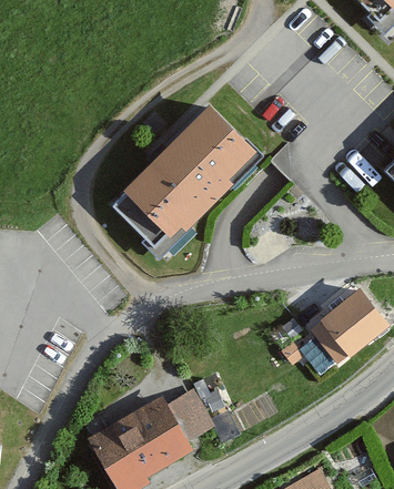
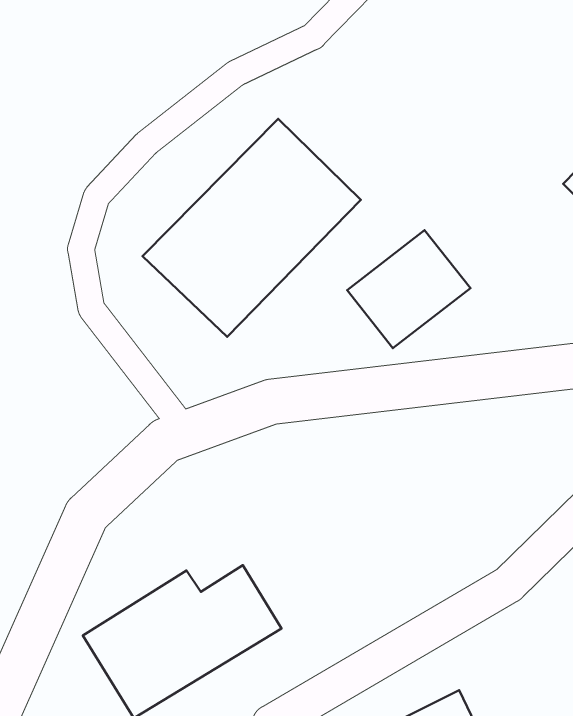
building: [306,291,384,365] -> [347,230,470,348]

